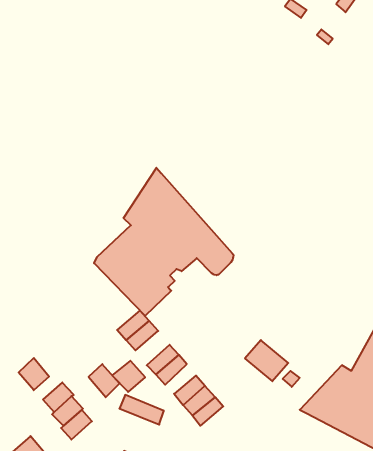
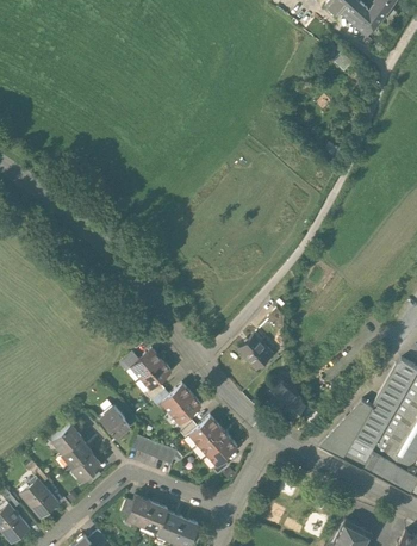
building: [94,168,234,316] -> none
building: none -> [237,331,274,370]
building: [19,358,49,390] -> none
building: [112,361,145,392] -> none

